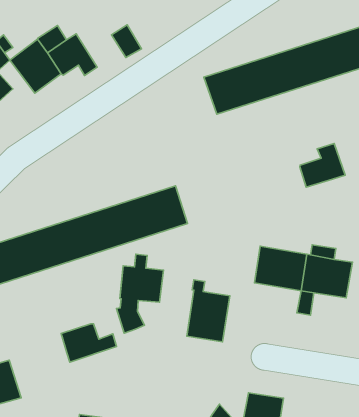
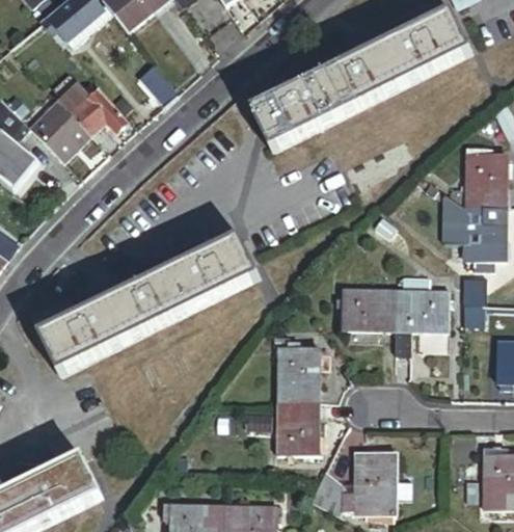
building: [300,144,345,187] -> none
building: [116,254,163,333] -> none
building: [61,324,117,362] -> none
building: none -> [276,401,317,452]

